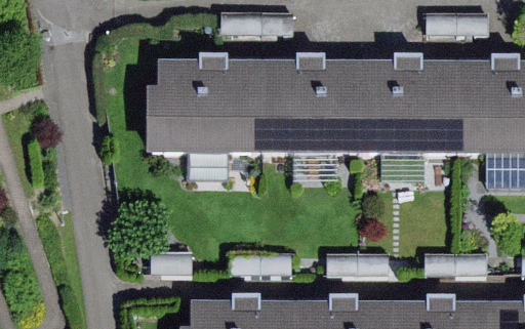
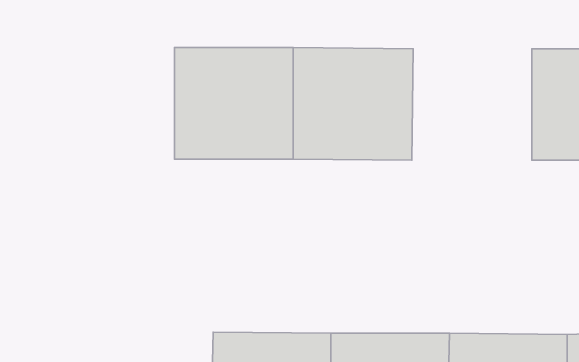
building: [360,61,461,156] -> none

